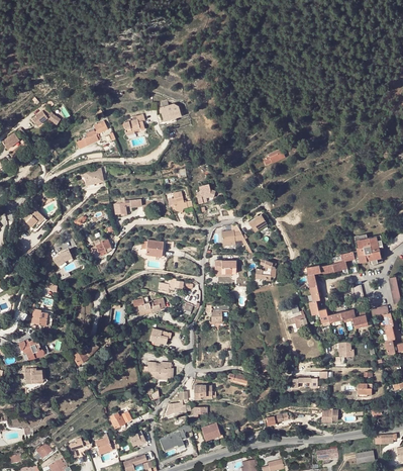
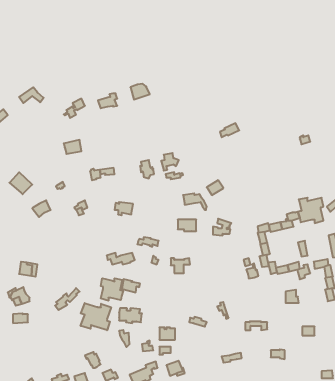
building: none -> [101,278,123,301]
building: none -> [81,303,111,330]

